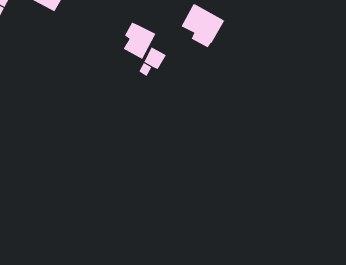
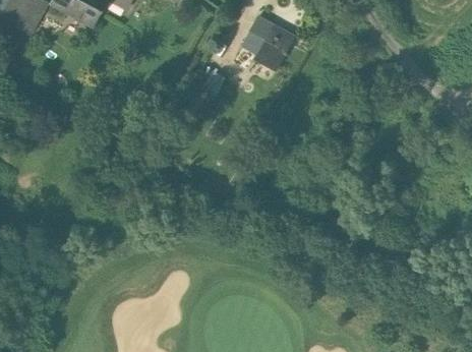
building: [123,22,157,60] -> none

